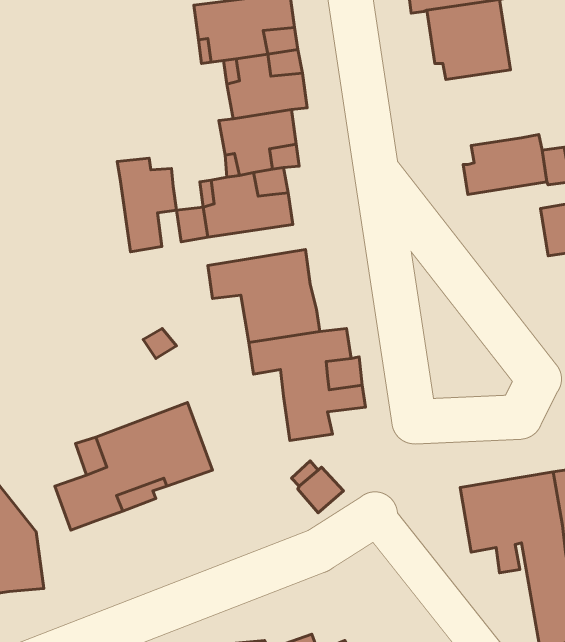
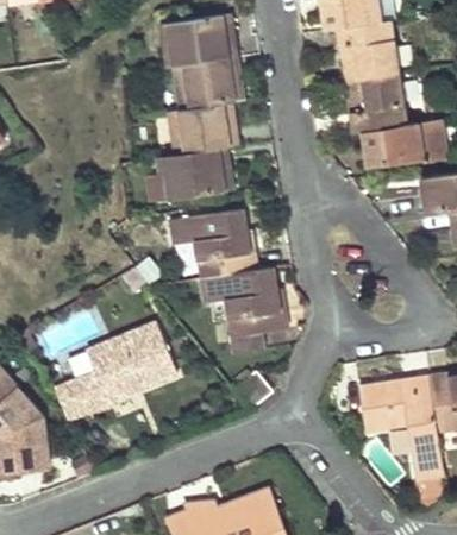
building: none -> [346,71,407,131]
building: [117,158,176,252] -> none

